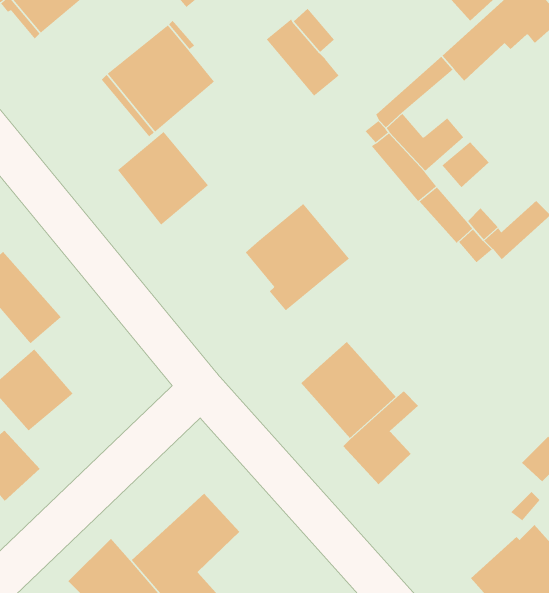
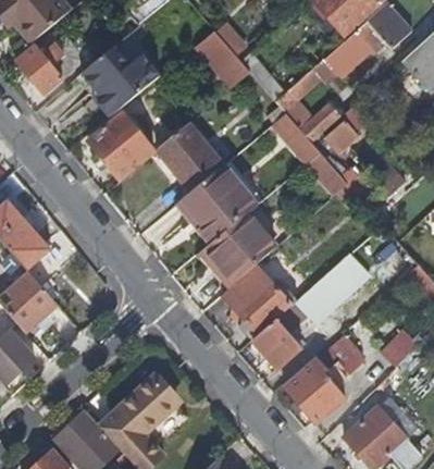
building: none -> [20,44,69,94]
building: none -> [157,124,224,193]
building: none -> [200,214,276,284]
building: none -> [297,255,367,321]
building: none -> [286,337,365,423]

